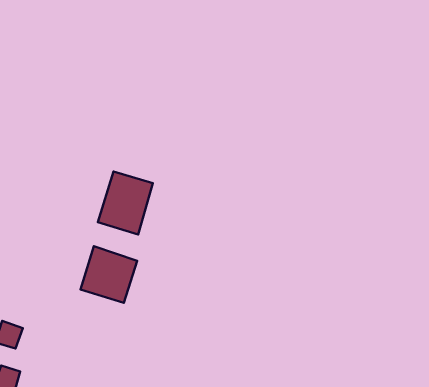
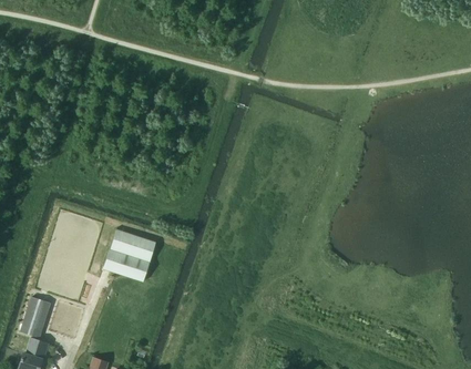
building: [98,172,153,234] -> none

